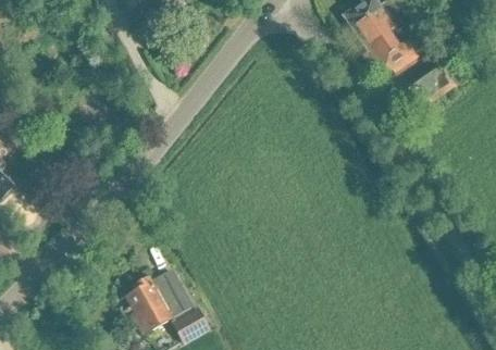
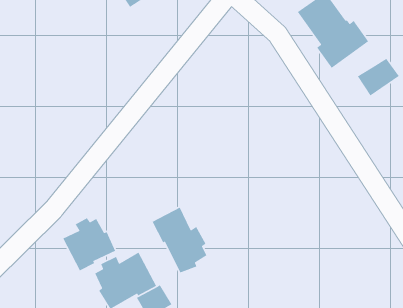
building: none -> [151,207,208,274]
building: none -> [62,217,116,272]

